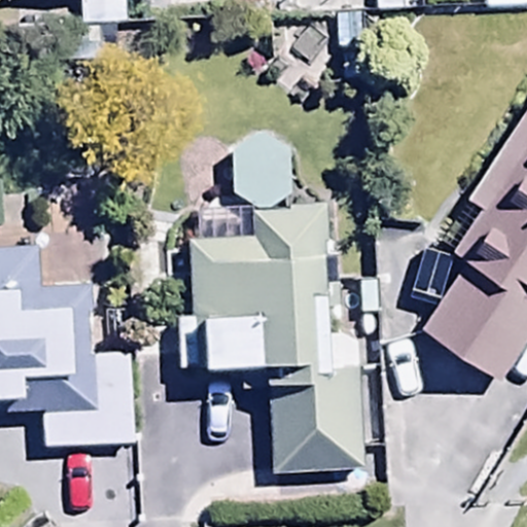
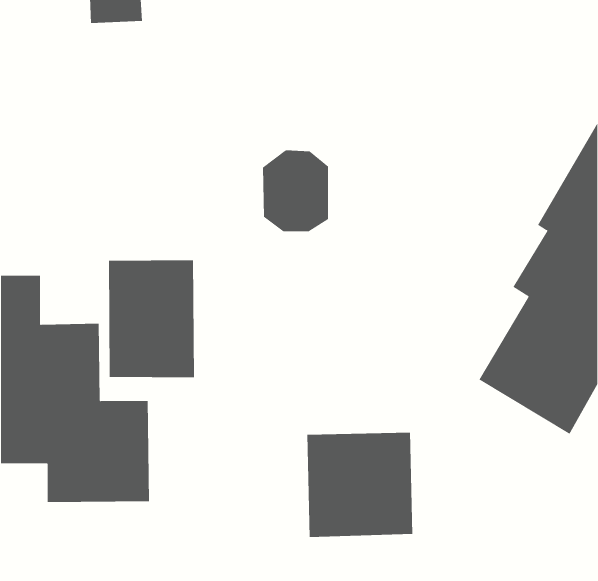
building: [178,207,333,368] -> none
building: none -> [109,260,194,378]

